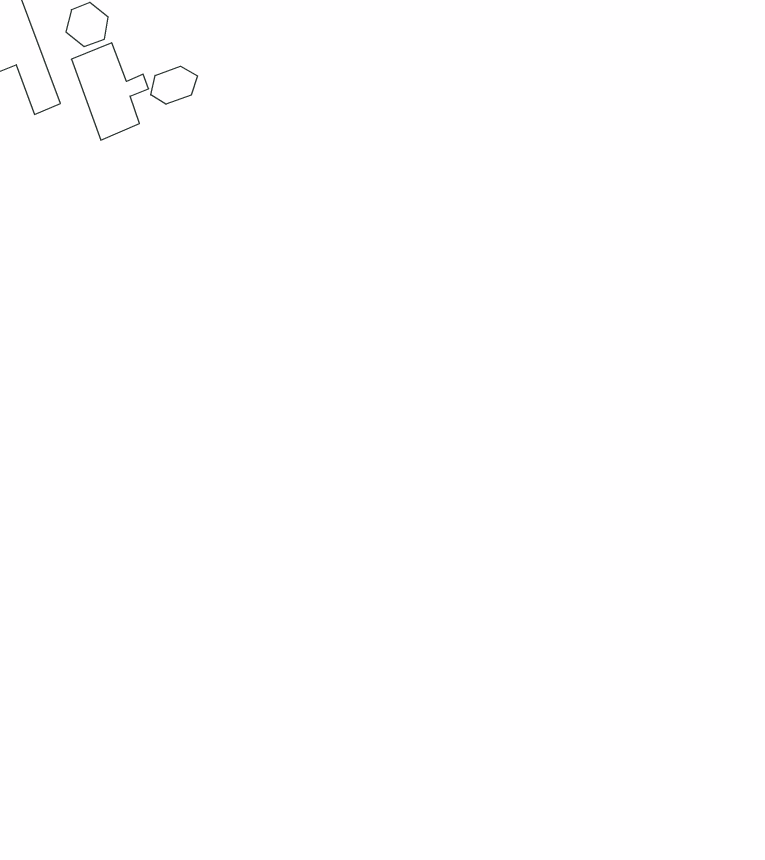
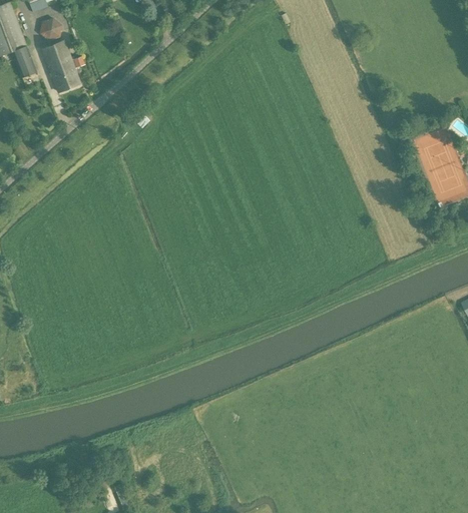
building: [151,66,198,104] -> none

